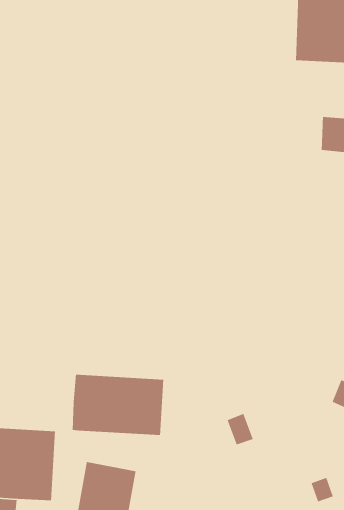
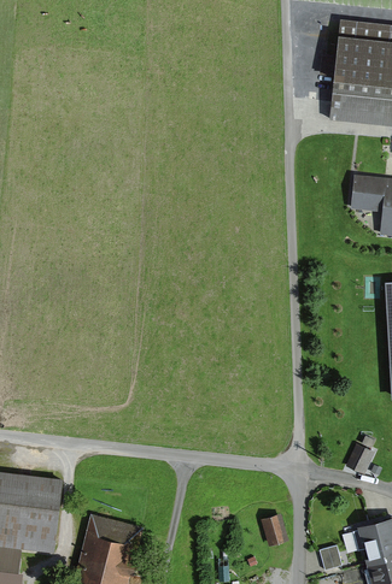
building: [72,374,164,436] -> none
building: [226,413,254,445] -> [261,512,287,544]

